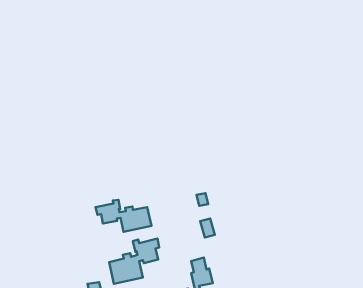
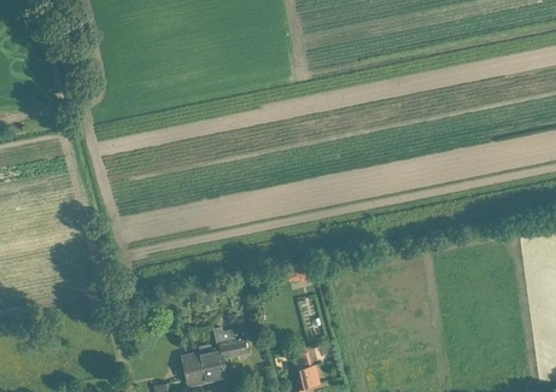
building: [96,200,152,232] -> none

